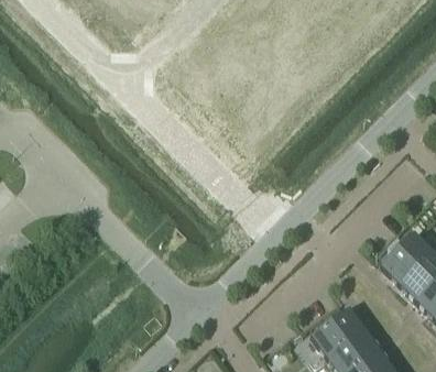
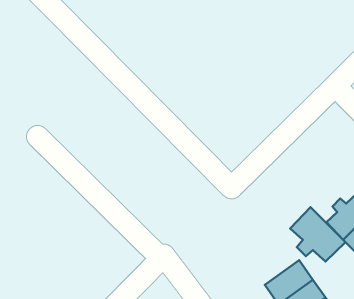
building: none -> [290,207,346,261]

